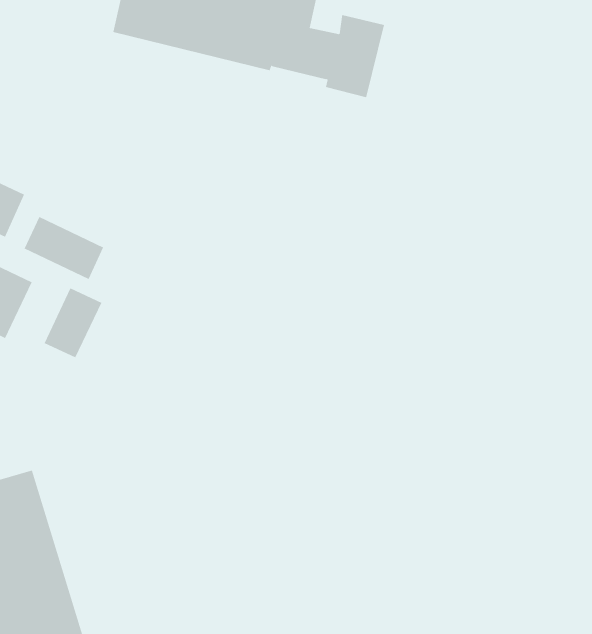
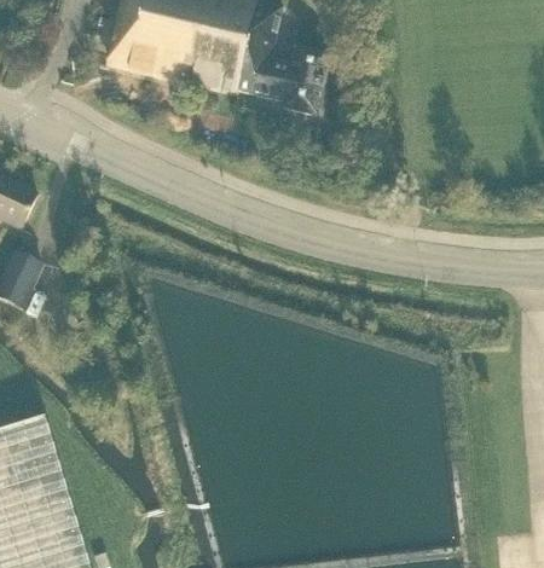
building: [24,216,104,280] -> none
building: [44,288,102,358] -> none

